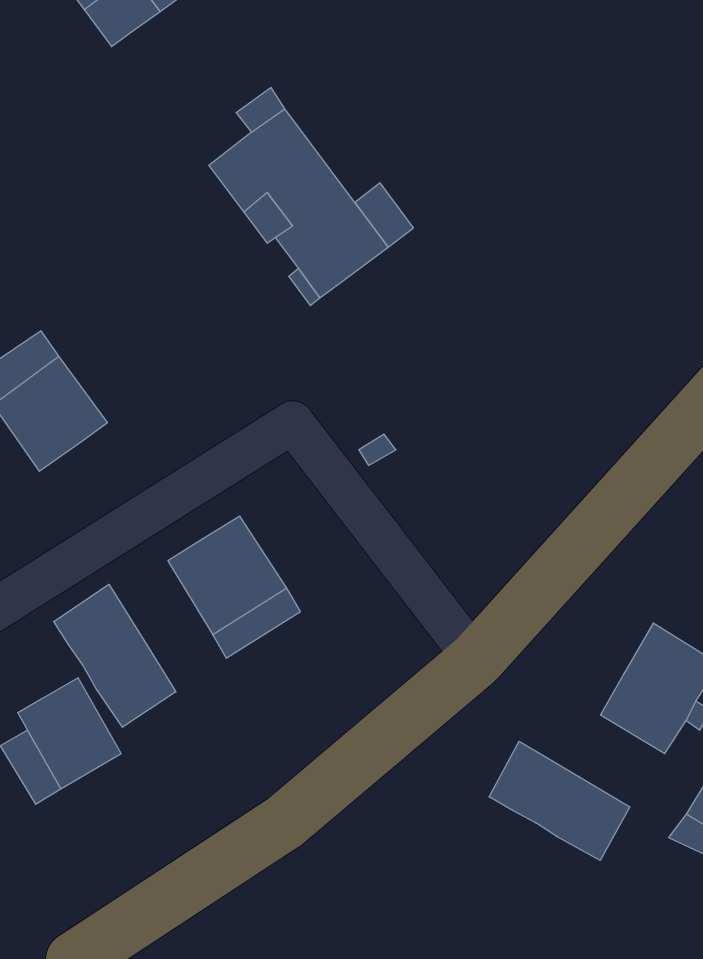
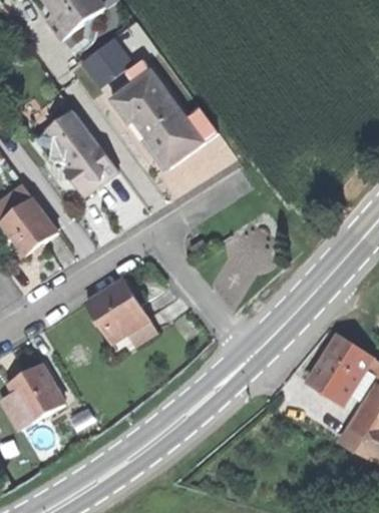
building: none -> [76,30,130,81]
building: none -> [33,111,115,194]
building: [54,584,176,727] -> none
building: [489,741,630,860] -> none

